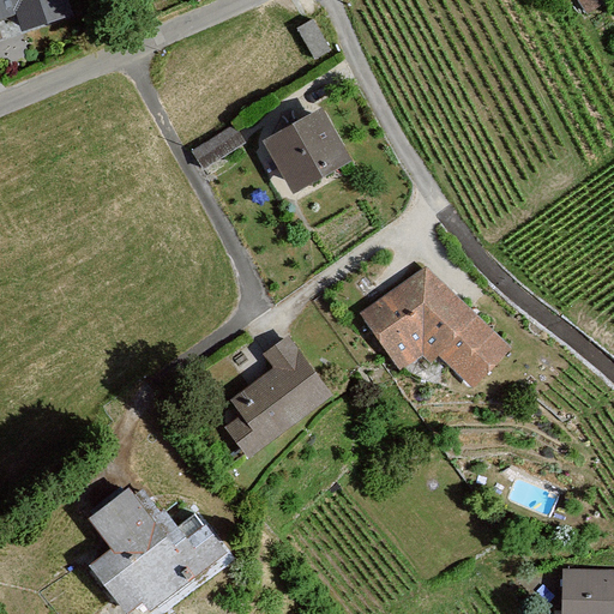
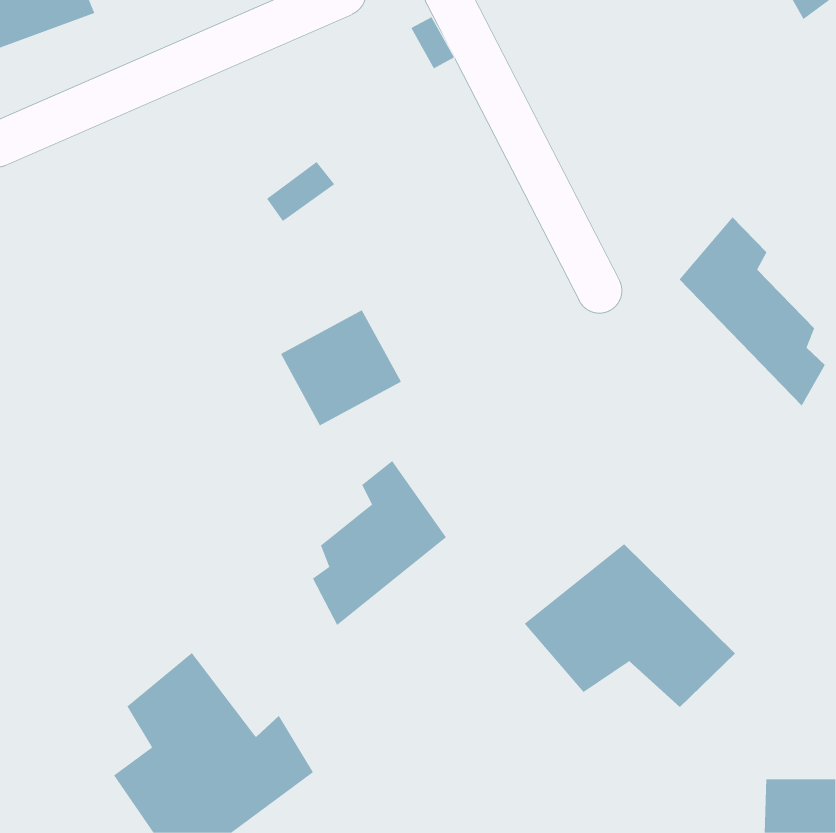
building: [266,112,355,197] -> [280,309,402,426]
building: none -> [679,217,825,406]
building: [351,265,506,385] -> [524,543,736,708]

